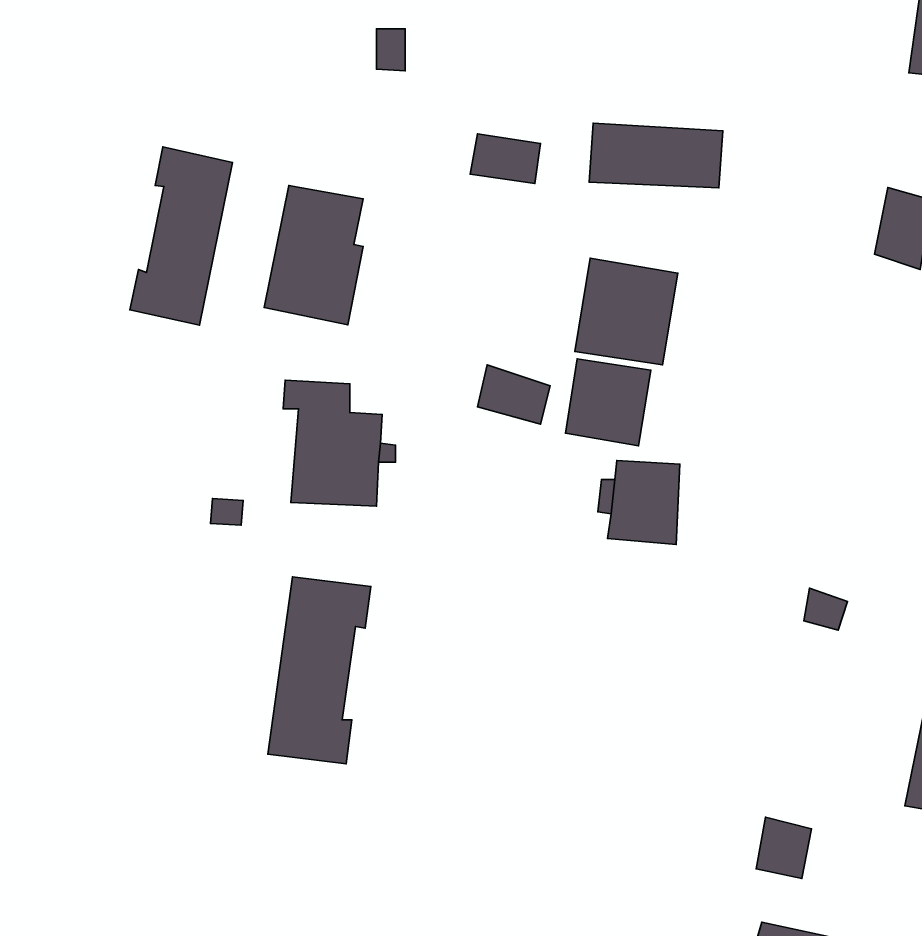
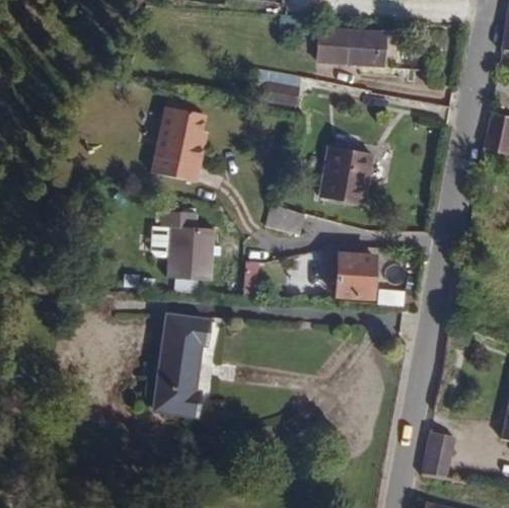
building: [589,123,723,188] -> [315,29,386,64]
building: [130,147,233,325] -> none
building: [565,359,651,446] -> none

